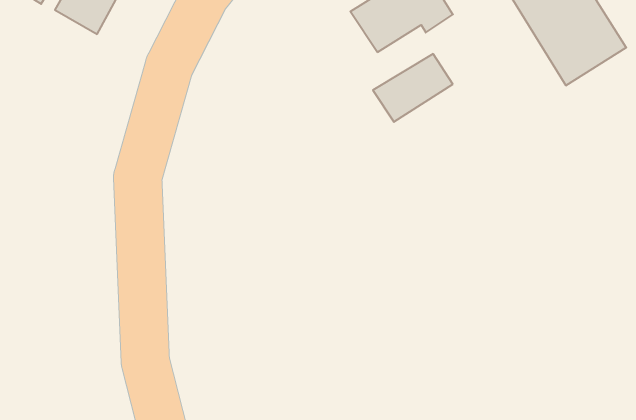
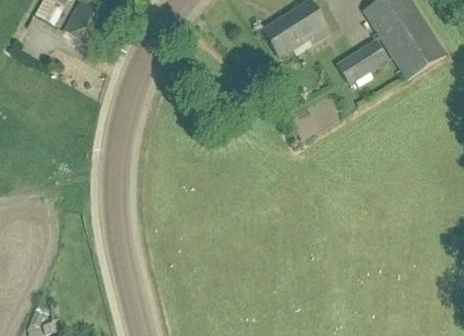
building: [373,54,453,122] -> [336,38,389,84]

